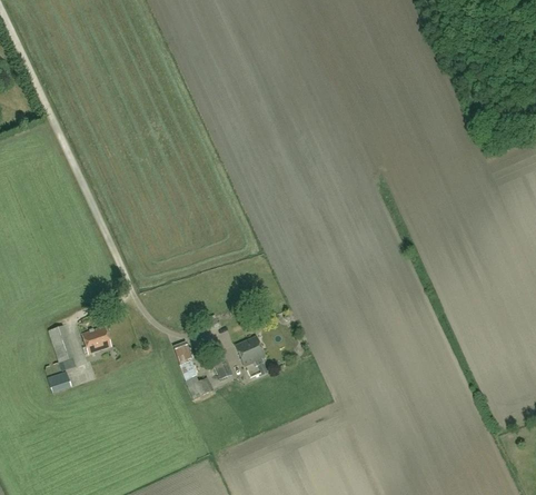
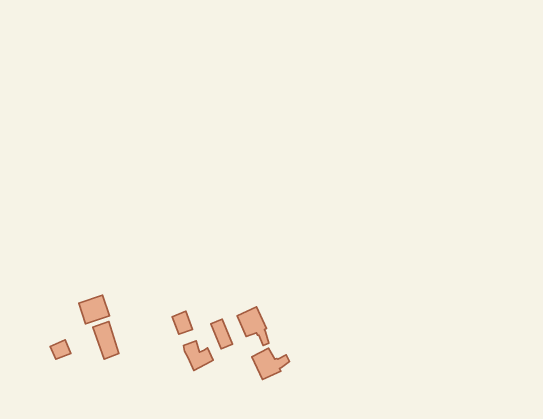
building: [49,326,75,363] -> [93,322,119,359]
building: none -> [252,348,290,380]

